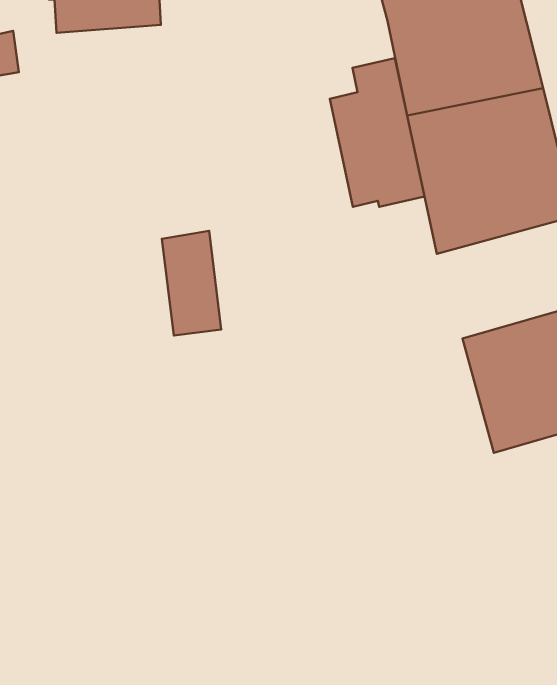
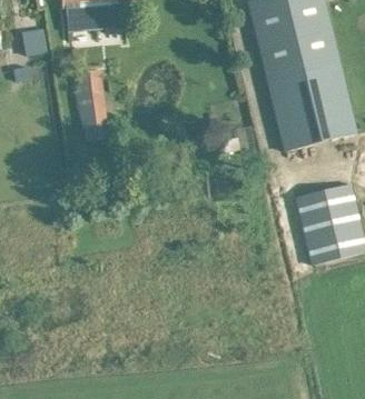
building: [330,58,425,207] -> none
building: [162,231,221,335] -> [75,68,108,127]

